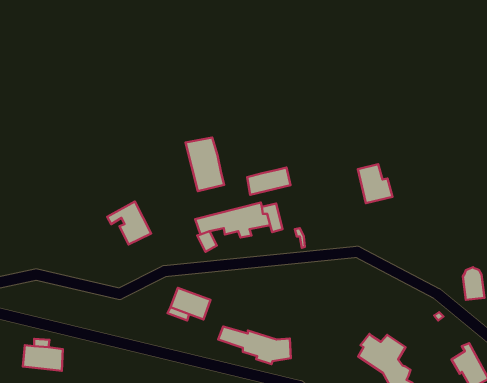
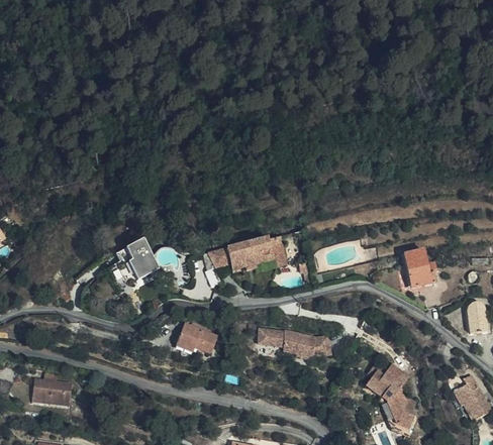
building: [186,138,224,191] -> none
building: [358,164,393,203] -> [402,248,436,287]
building: [247,168,291,195] -> none
building: [218,326,291,364] -> [256,328,327,365]

